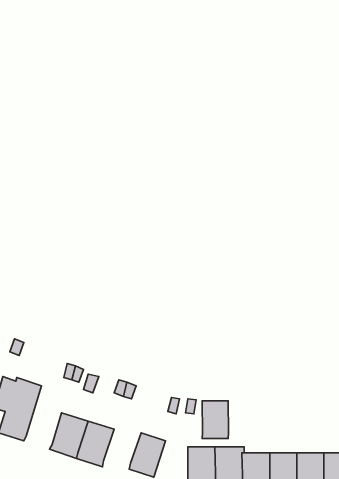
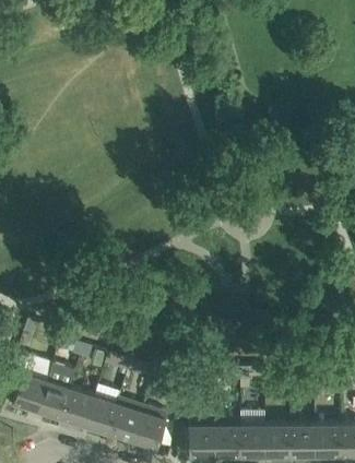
building: none -> [35,365,76,424]
building: [202,401,229,438] -> none
building: none -> [109,401,144,442]

